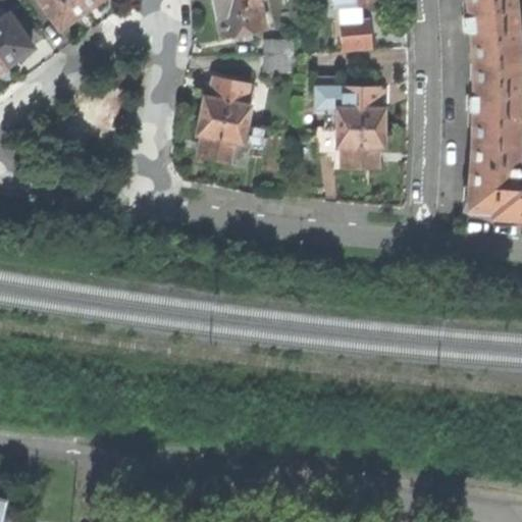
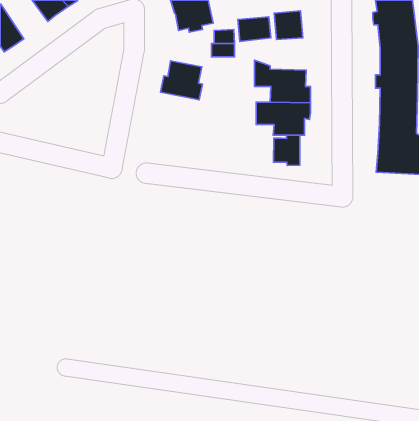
building: none -> [238,17,271,42]
building: [197,114,268,165] -> none
building: none -> [274,135,300,165]

